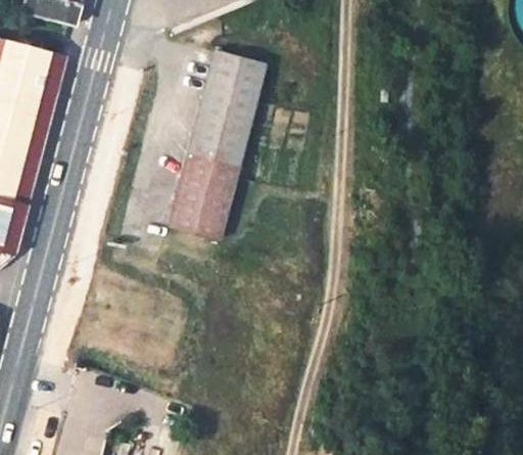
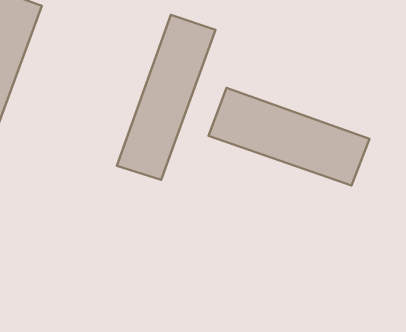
building: none -> [209,88,370,186]

